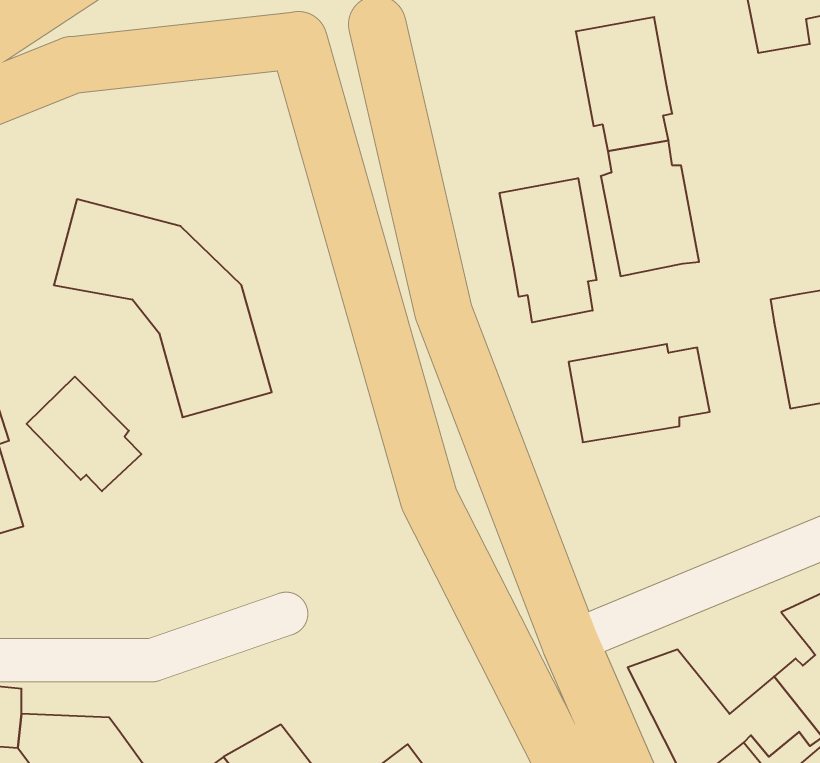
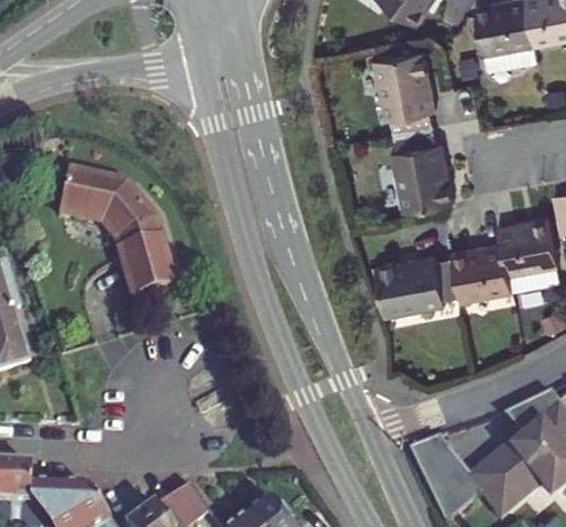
building: [500,178,597,322] -> none
building: none -> [449,235,508,297]
building: [27,377,141,491] -> none

